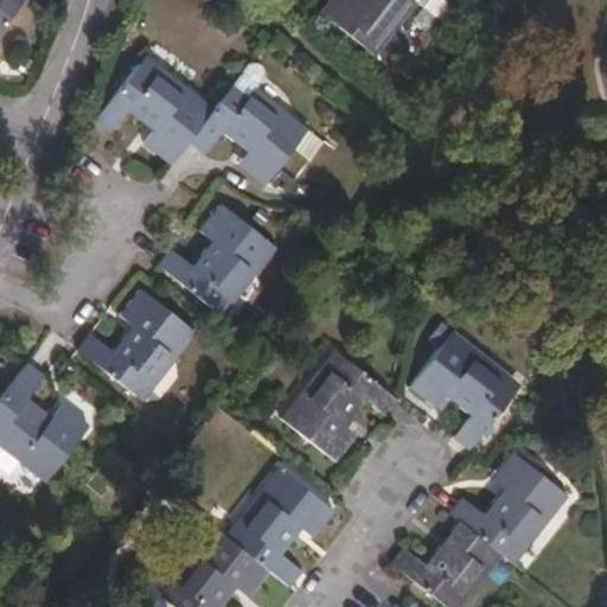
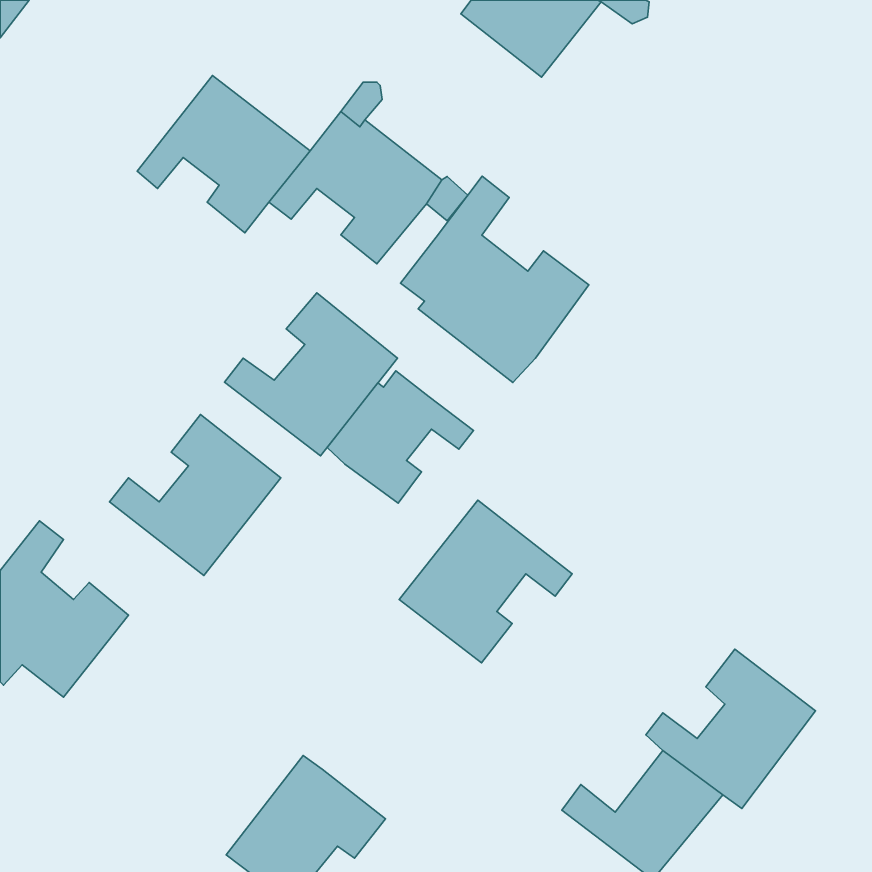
building: none -> [400,176,589,382]
building: none -> [327,371,474,503]
building: [409,331,519,447] -> none
building: [225,468,333,586] -> none

